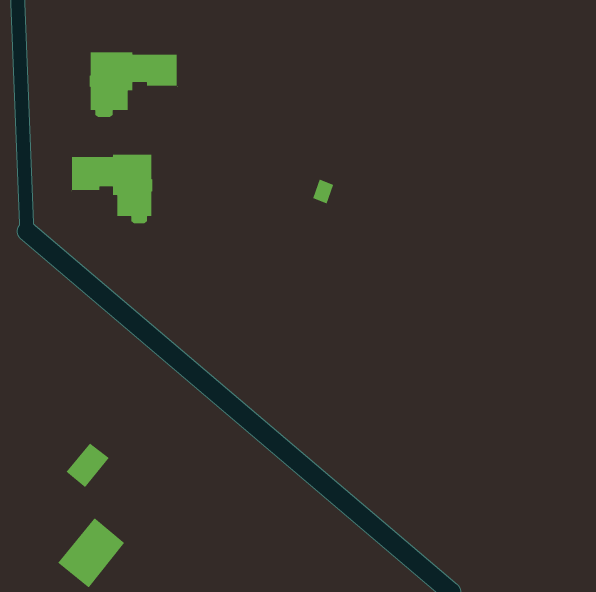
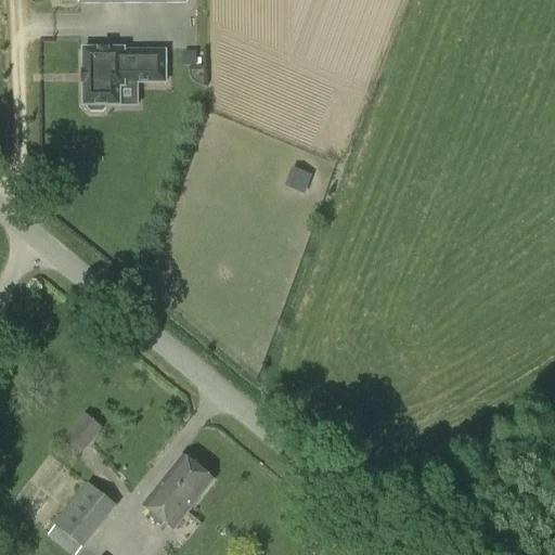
building: [70,154,153,224] -> none
building: none -> [141,452,215,530]

